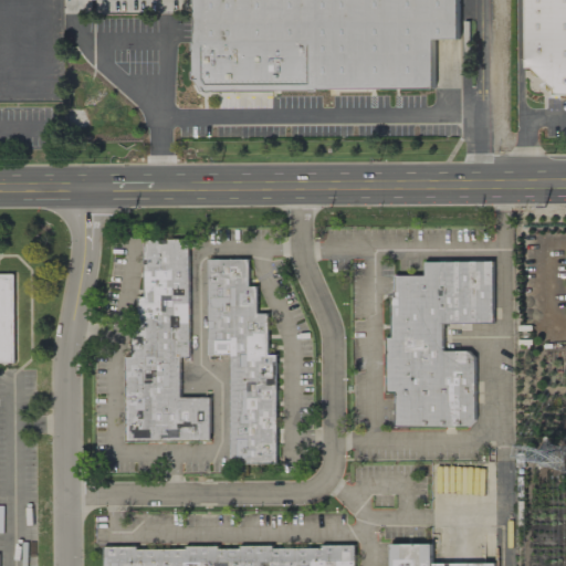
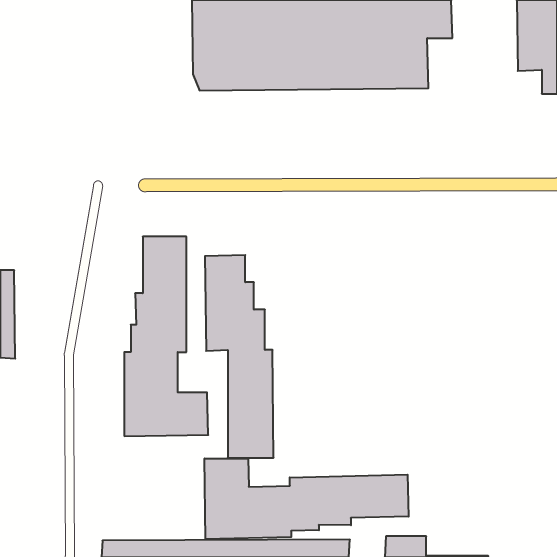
building: [387,262,493,427] -> none
building: none -> [205,458,409,539]

